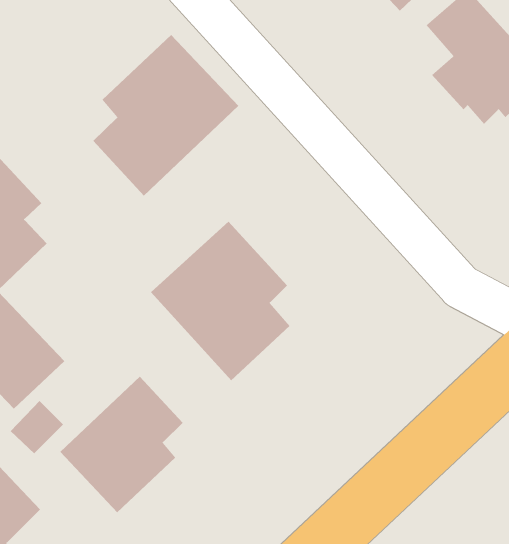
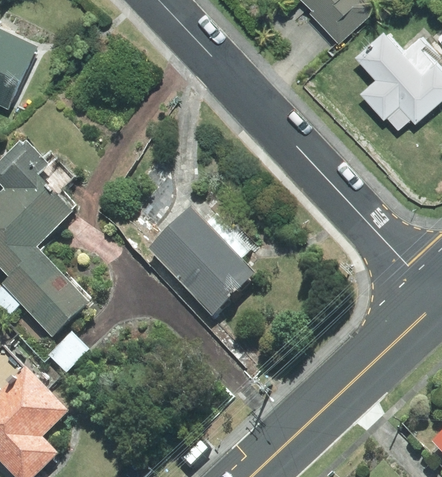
building: [92,34,239,196] -> none
building: [59,376,184,513] -> none

